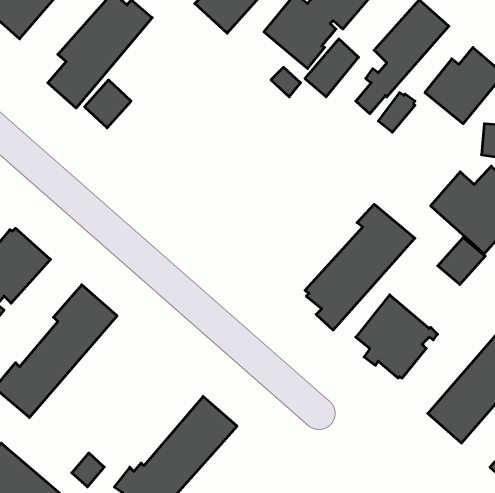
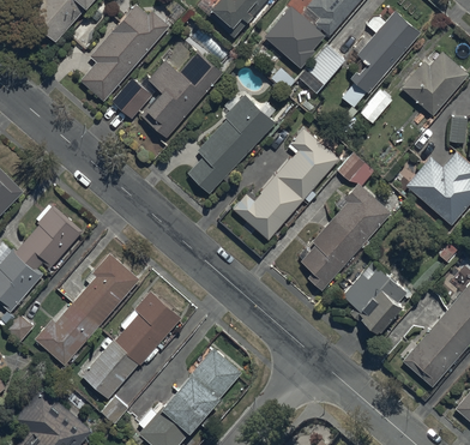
building: none -> [140,50,222,138]
building: none -> [187,95,277,194]
building: none -> [233,128,339,240]
building: none -> [338,154,374,186]
building: [438,237,485,285] -> none
building: none -> [82,291,182,398]

